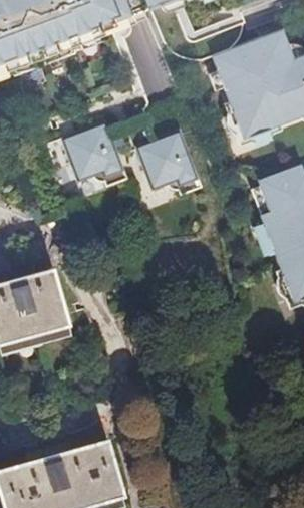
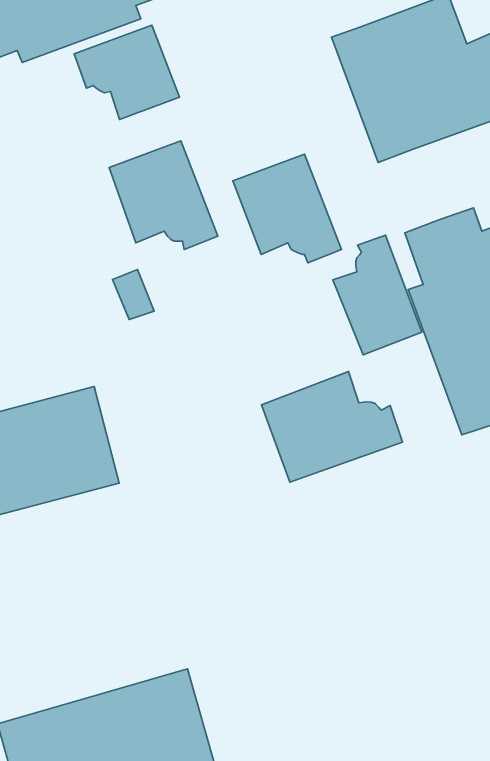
building: none -> [74,25,179,119]
building: none -> [333,235,422,355]
building: none -> [261,371,402,482]

